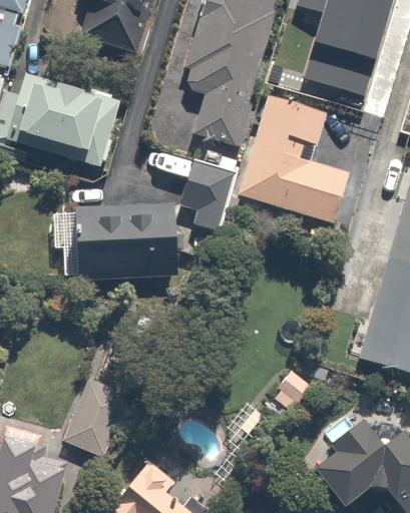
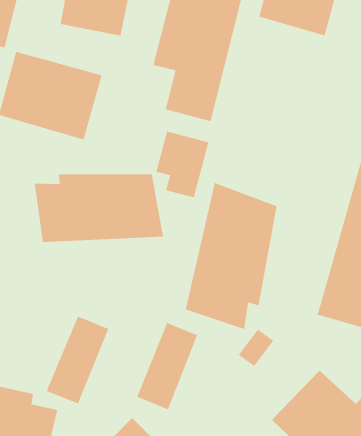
building: [323,61,375,108] -> none
building: [242,93,349,220] -> none
building: none -> [185,182,277,330]
building: none -> [136,322,198,410]

